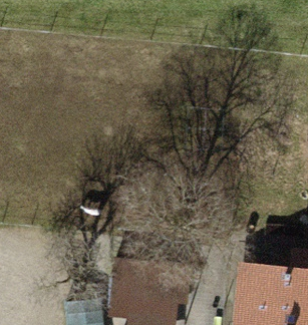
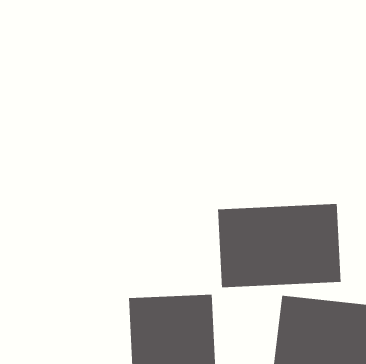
building: none -> [218,203,341,288]

